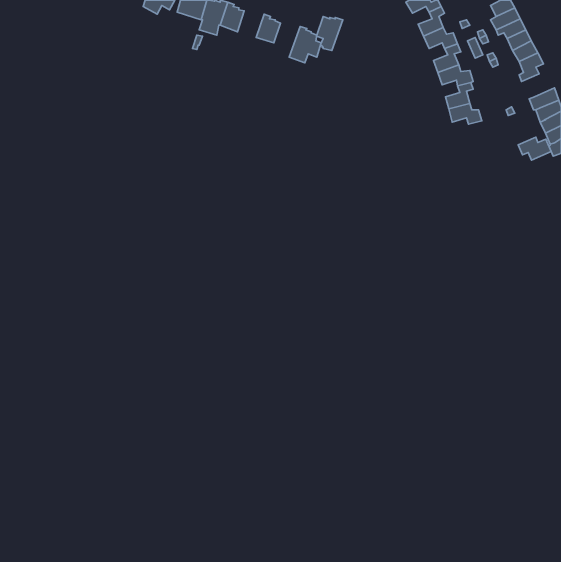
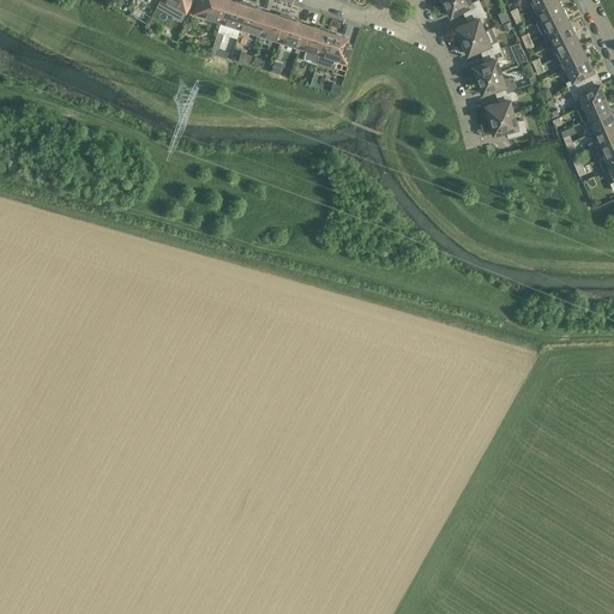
building: none -> [259,12,288,41]
building: [317,16,343,51] -> [299,25,327,62]
building: [518,137,551,160] -> [568,80,604,106]

